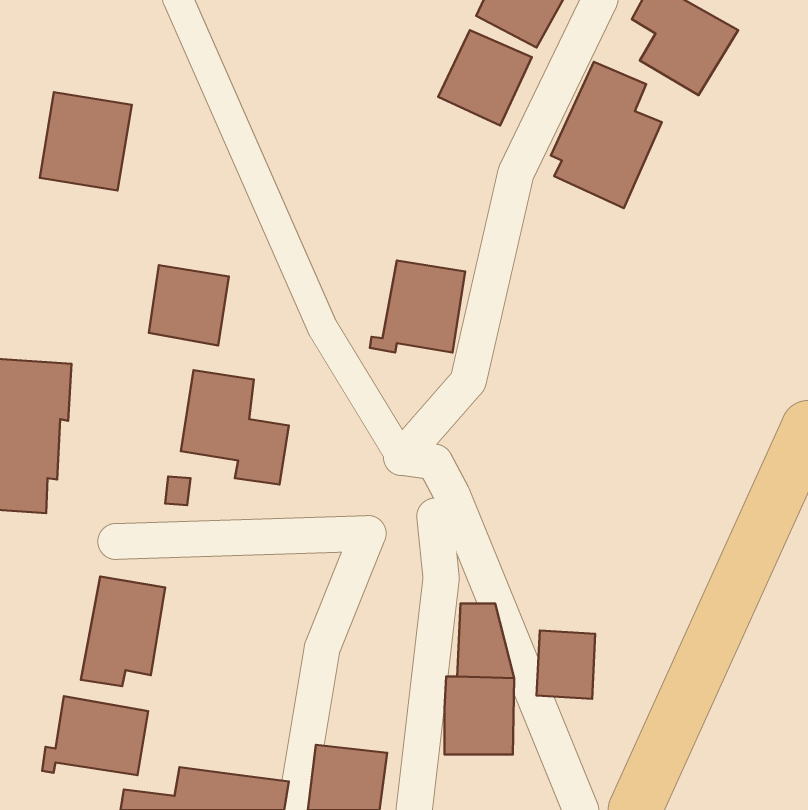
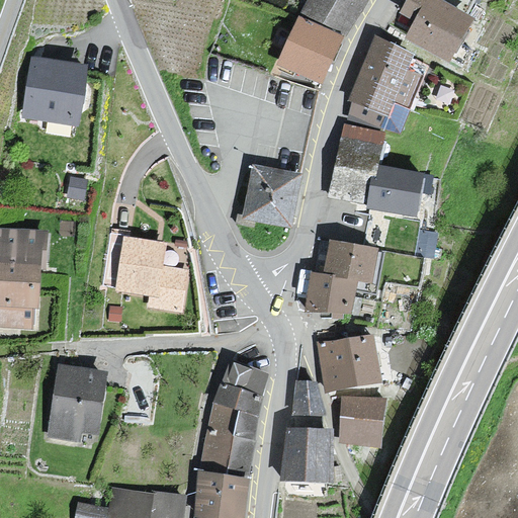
building: none -> [334,127,421,213]
building: [149,265,229,345] -> none
building: none -> [309,241,374,312]
building: none -> [320,337,377,386]
building: none -> [204,360,270,470]
building: [42,696,148,775] -> none

